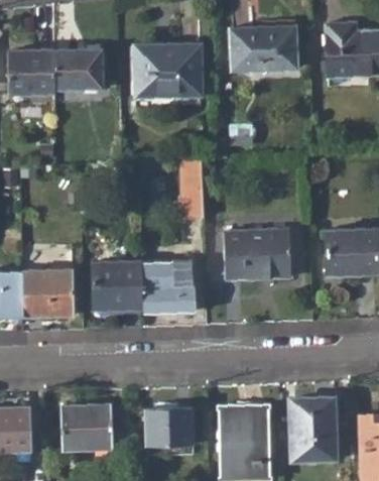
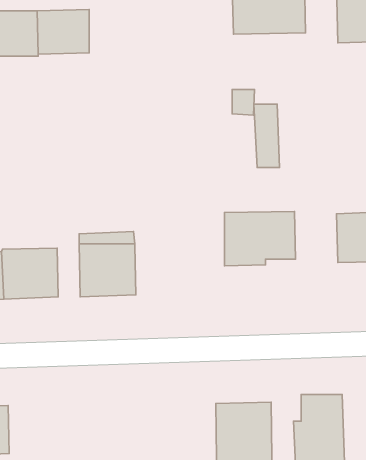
building: [136,46,202,97] -> none
building: [179,163,203,221] -> [254,104,279,167]
building: [143,262,194,312] -> none
building: [59,404,110,449] -> none
building: [143,408,191,448] -> none

